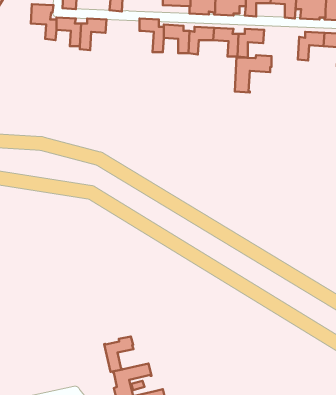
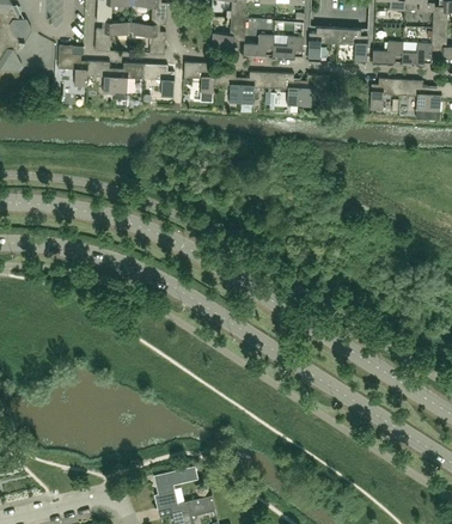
building: none -> [145,65,175,99]
building: [235,55,271,92] -> none
building: [104,336,133,372] -> none

